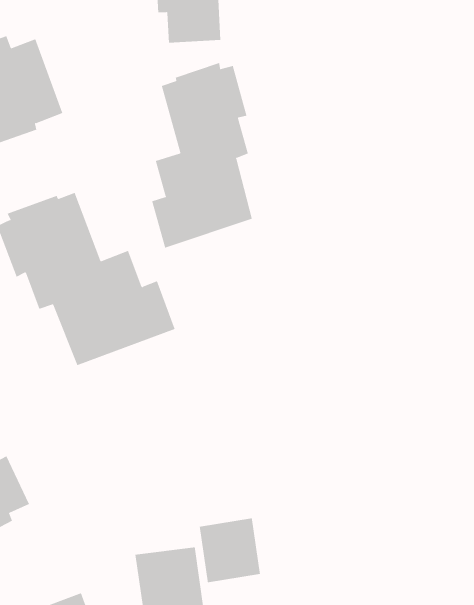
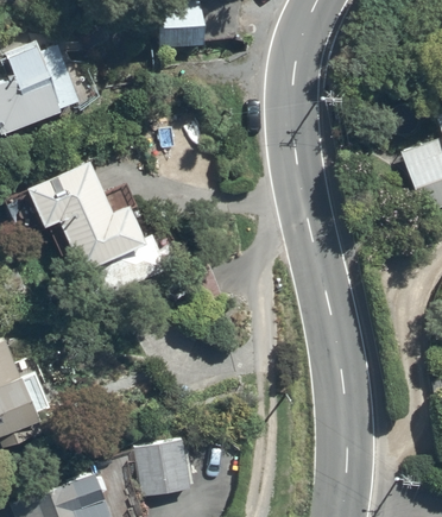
building: [152,62,252,249] -> none
building: [199,518,260,583] -> none

